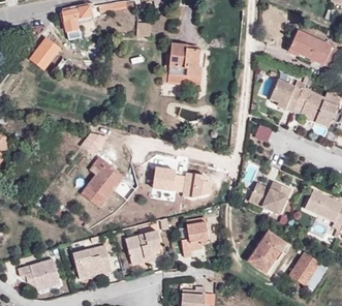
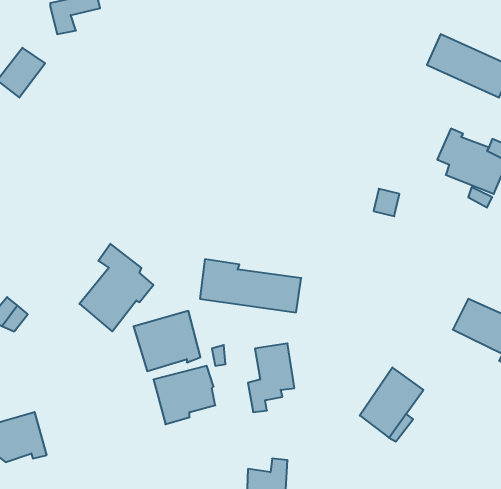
building: [167,42,204,85] -> none
building: [270,79,304,112] -> none
building: [248,181,290,214] -> none
building: [71,243,112,279] -> [133,311,200,371]
building: [289,252,320,285] -> none

